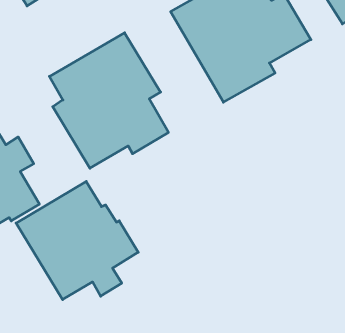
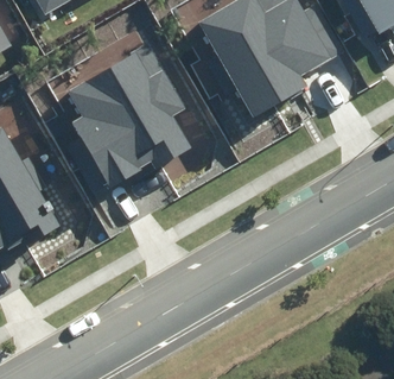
building: [16,181,138,300] -> none

